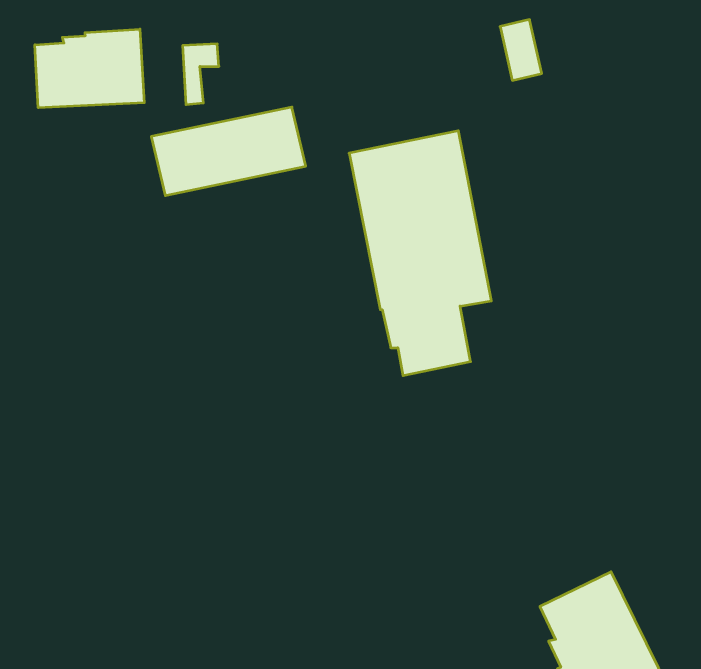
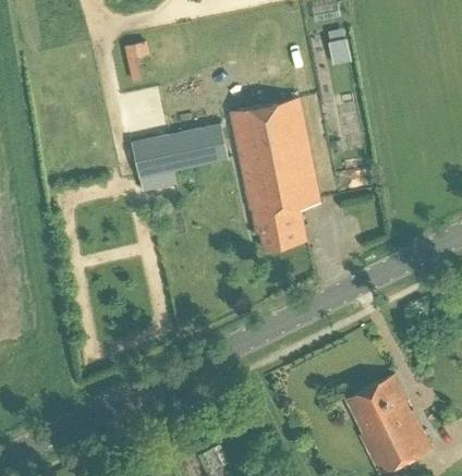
building: [35,29,144,108] -> none
building: [151,107,306,196] -> [134,125,231,181]

